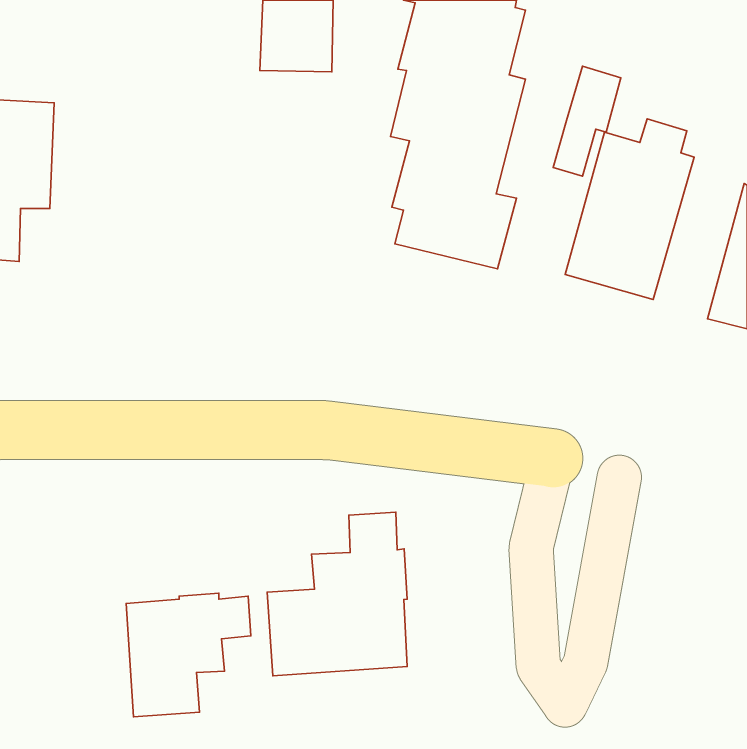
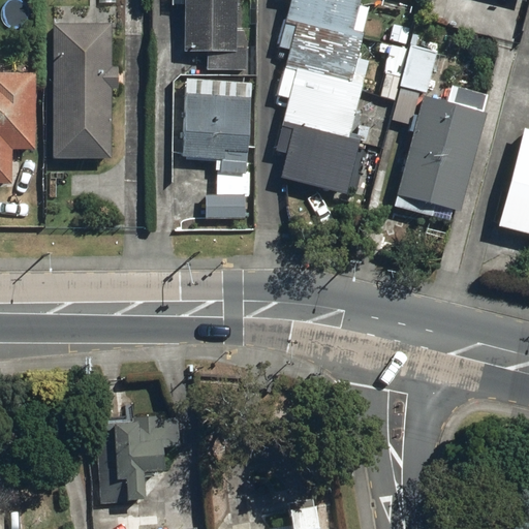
building: none -> [54,15,121,159]
building: none -> [184,76,249,217]
building: [267,512,407,676] -> none

